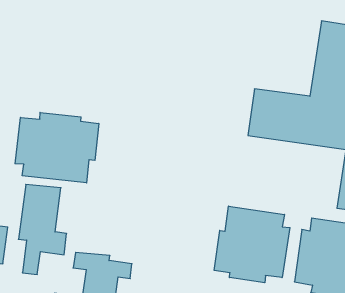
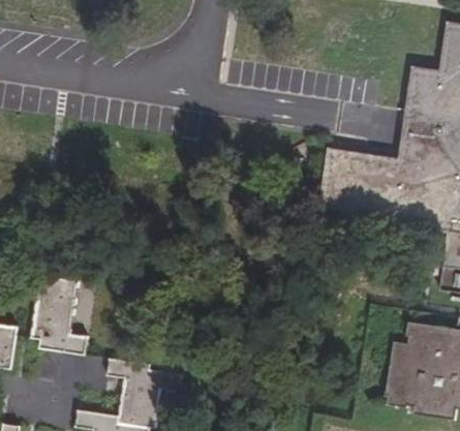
building: [15,112,99,183] -> none
building: [214,206,290,283] -> none

